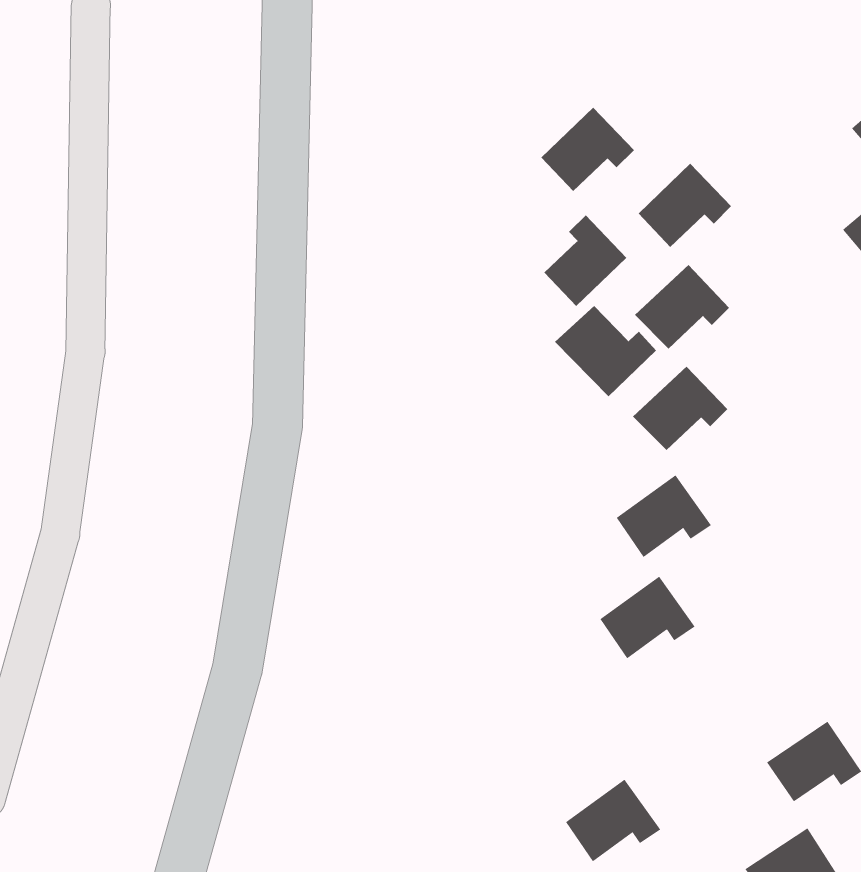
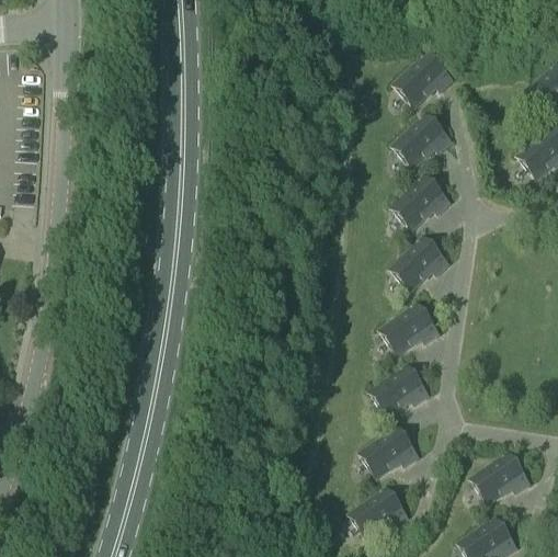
building: [541,107,635,192] -> [397,54,454,105]
building: [544,214,627,307] -> none
building: [554,305,657,397] -> none
building: none -> [362,427,420,477]

